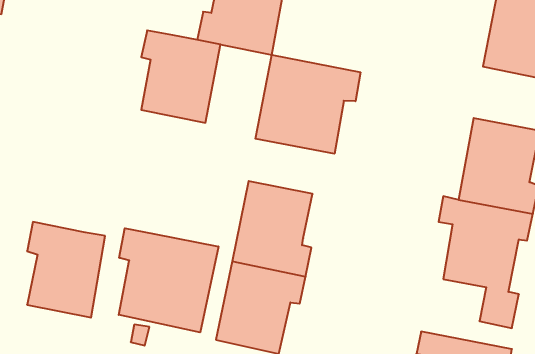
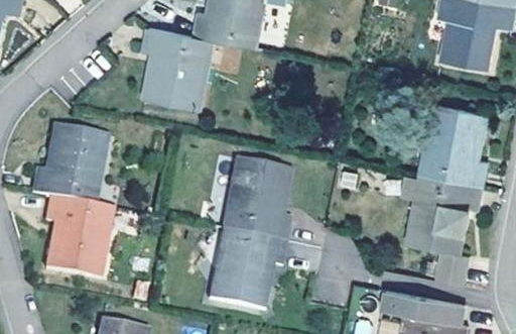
building: [255,55,360,154] -> none
building: none -> [31,124,109,204]
building: [119,228,218,332] -> none

